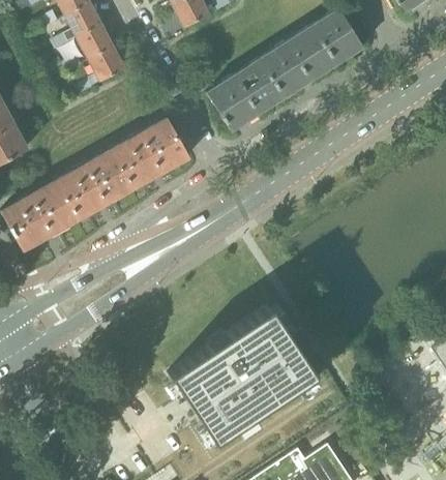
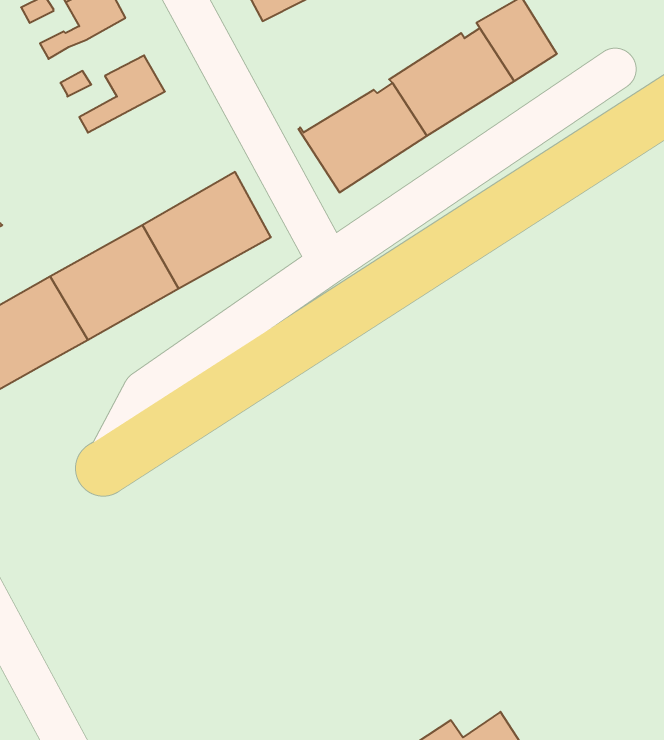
building: [78,25,113,60] -> none
building: [168,306,314,441] -> none

